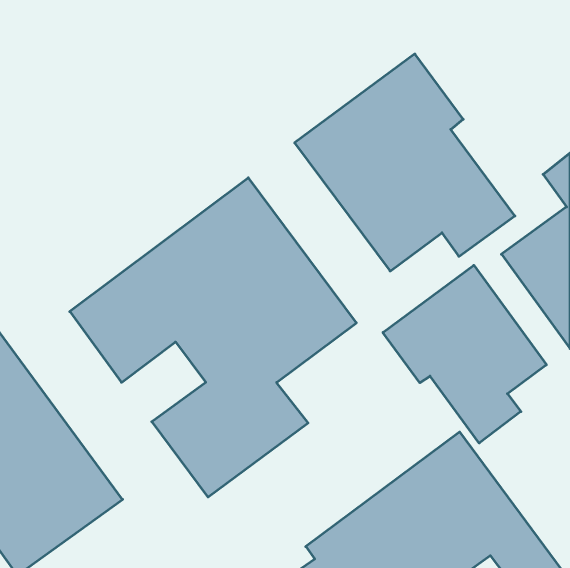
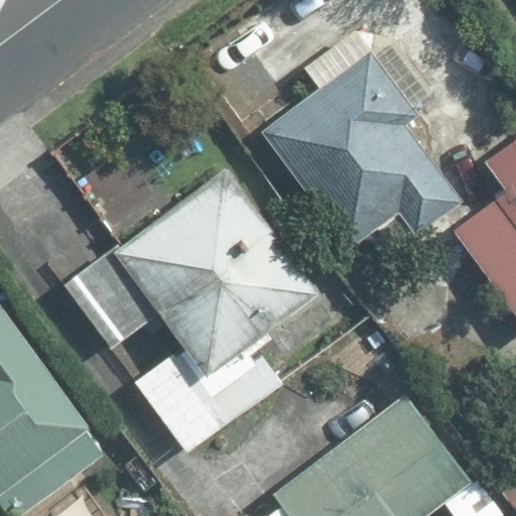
building: [383,265,546,443] -> none

